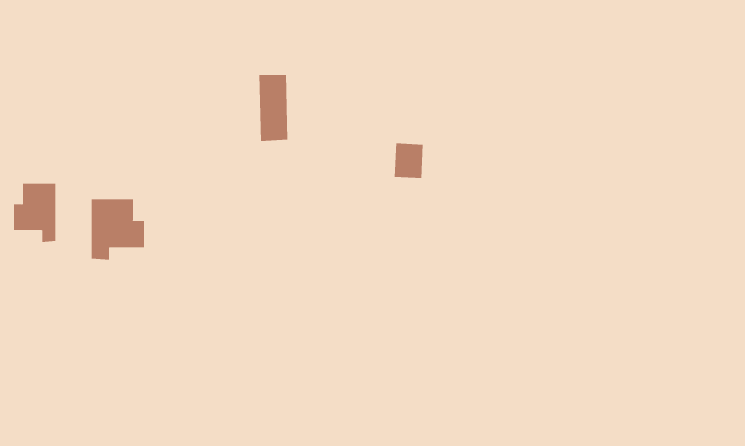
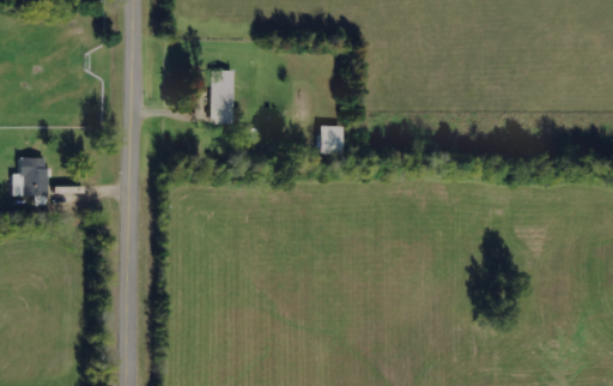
building: [91,198,144,261] -> none

